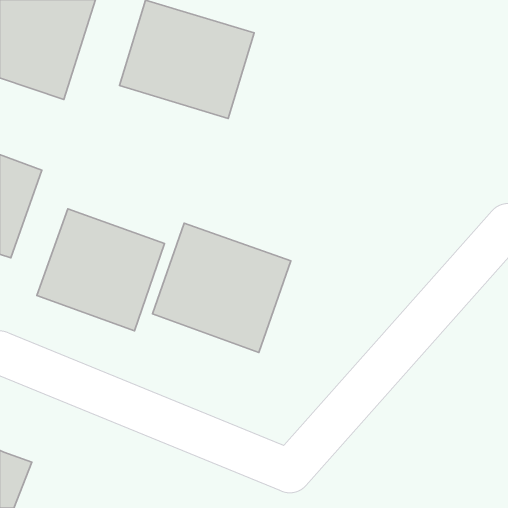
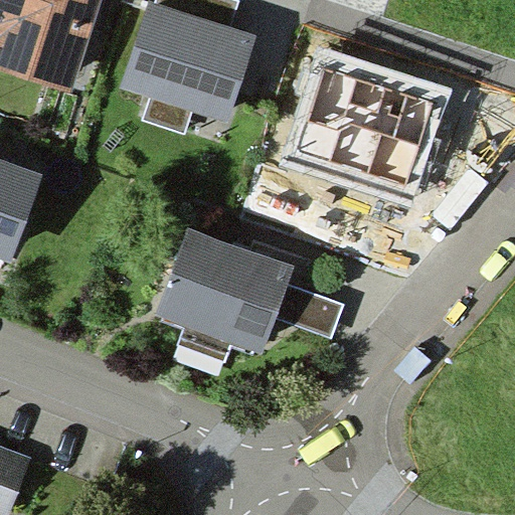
building: none -> [297,66,436,187]
building: [37,209,164,331] -> none

